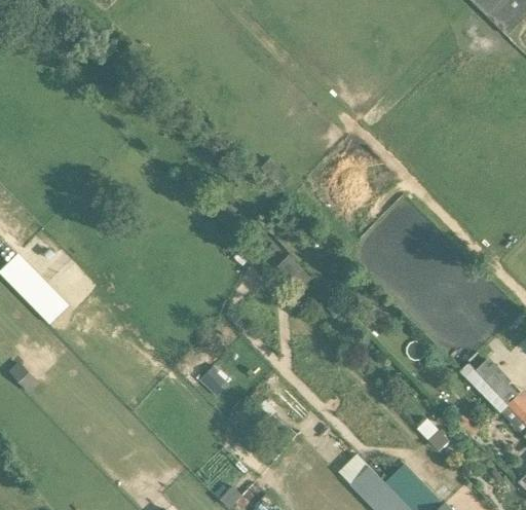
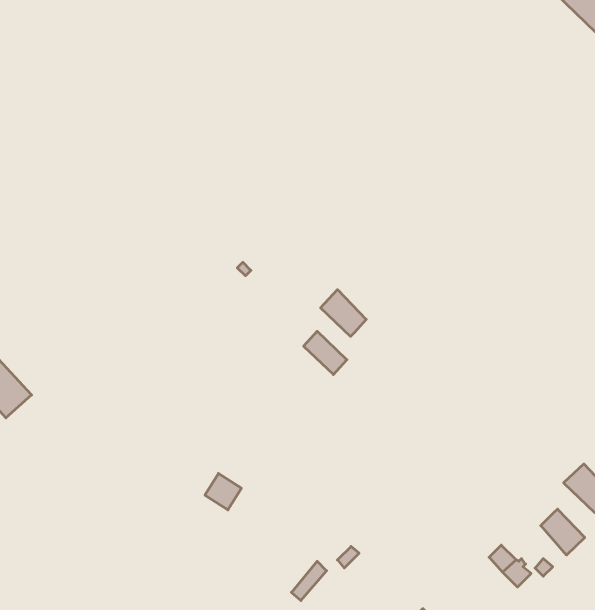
building: none -> [321,290,366,336]
building: none -> [541,509,585,555]

